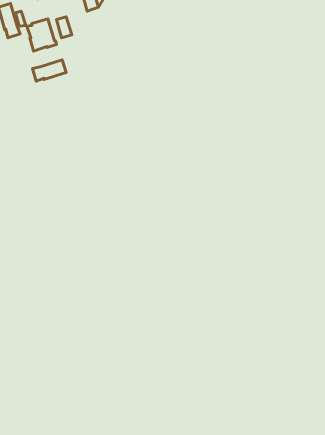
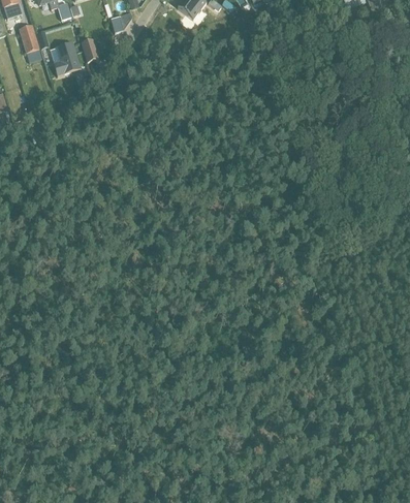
building: [32,60,66,81] -> none

